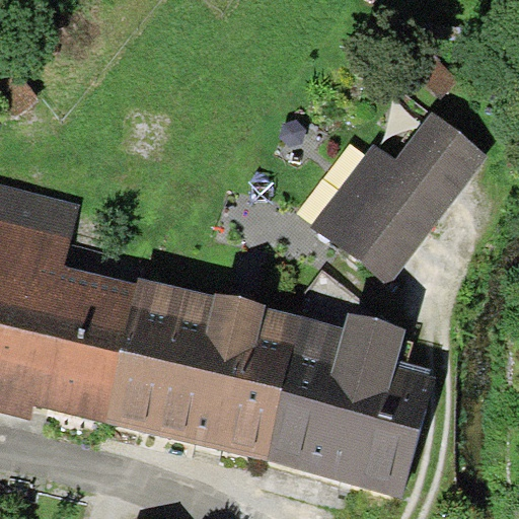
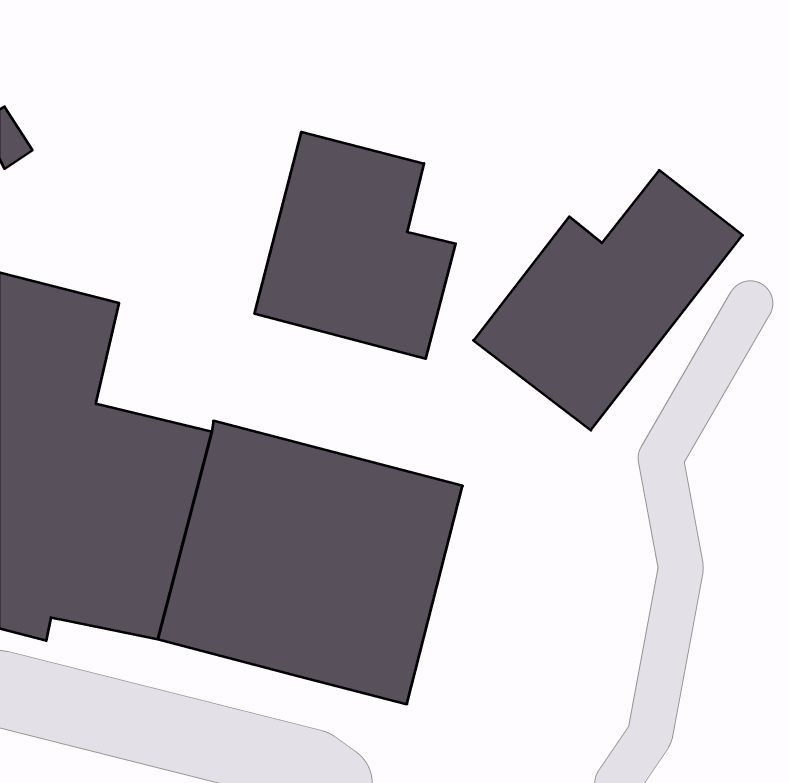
building: none -> [255,132,456,359]
building: [267,315,434,497] -> none

